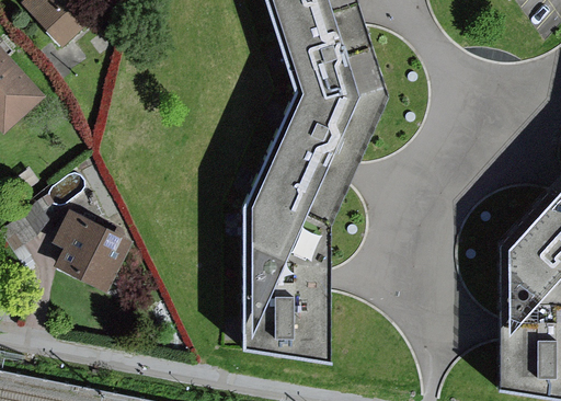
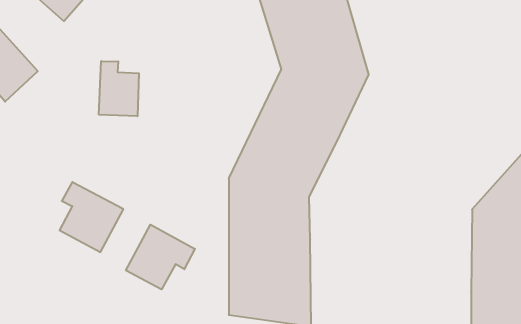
building: none -> [99,61,139,116]
building: none -> [126,225,195,289]

